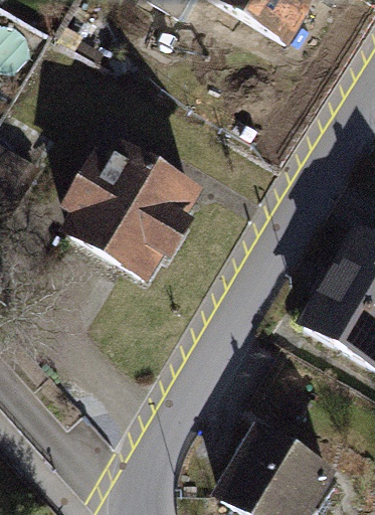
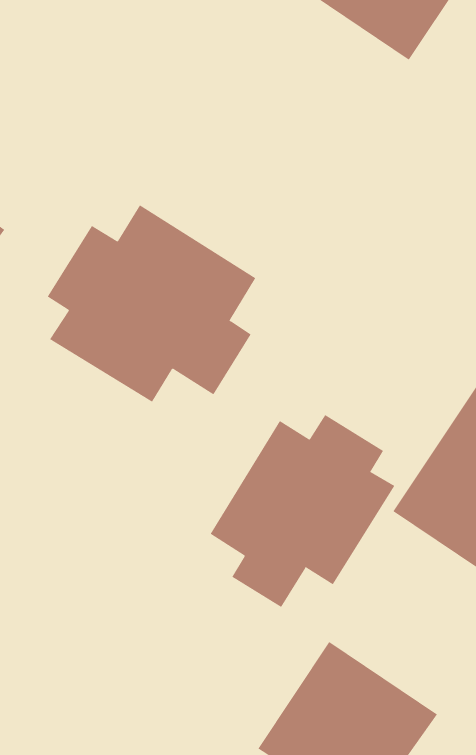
building: none -> [210,414,395,608]

